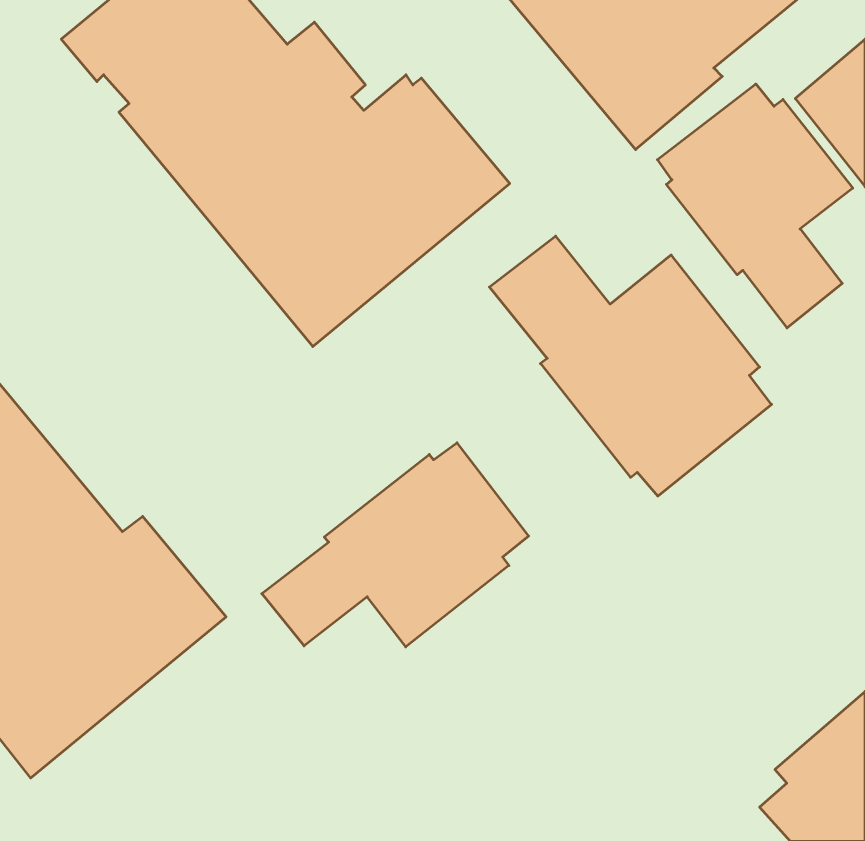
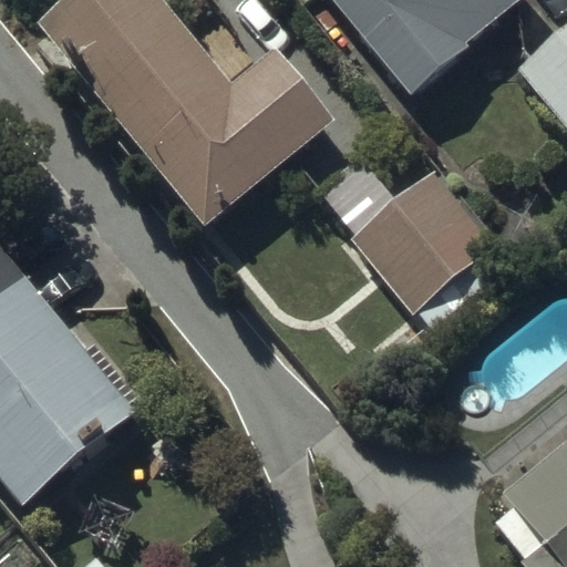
building: [657,84,853,328] -> none
building: [262,443,529,647] -> none

